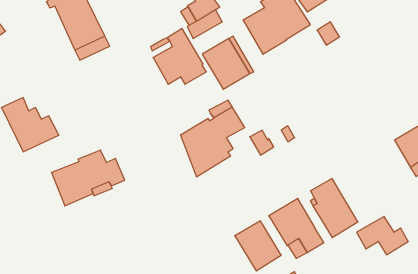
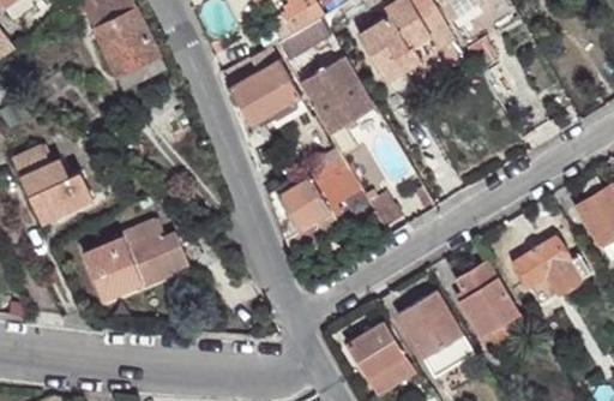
building: [357,216,408,255] -> [514,238,589,293]

